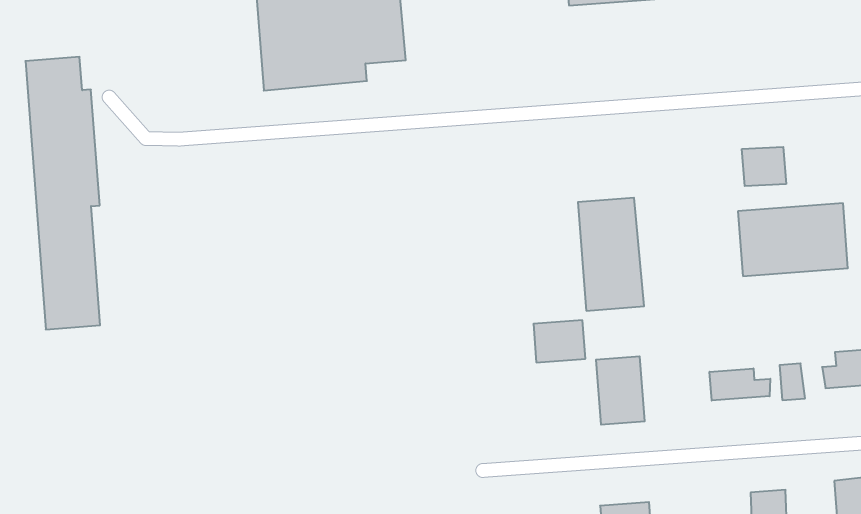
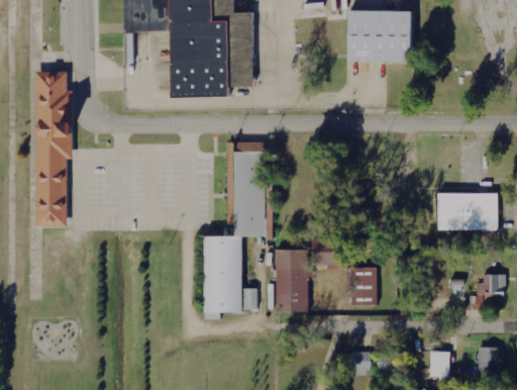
building: [742,147,786,186] -> none
building: none -> [202,141,265,320]
building: [578,198,644,311] -> [275,249,308,311]
building: [710,368,770,401] -> none

